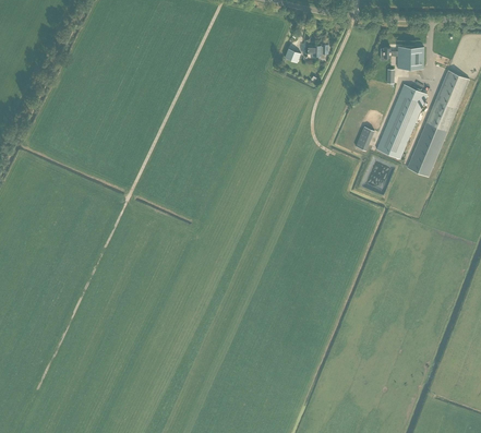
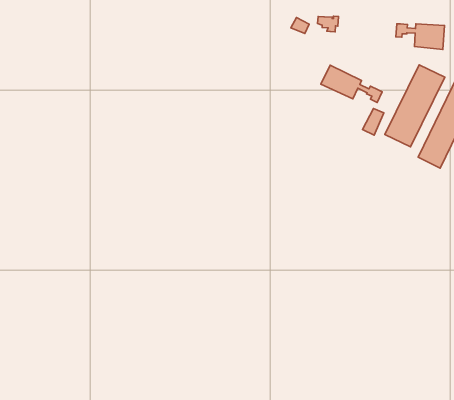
building: none -> [321,65,382,102]

